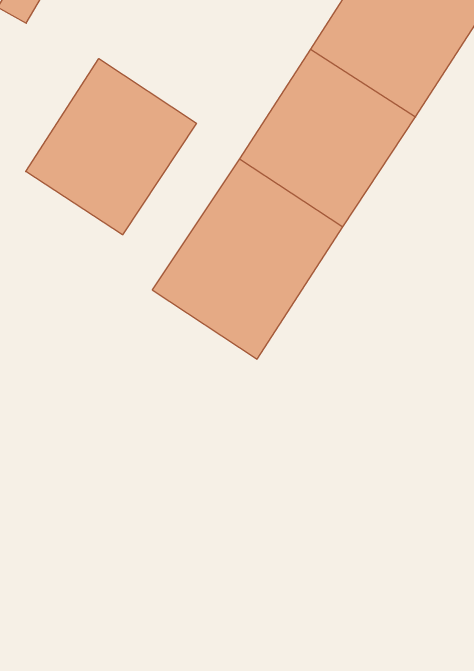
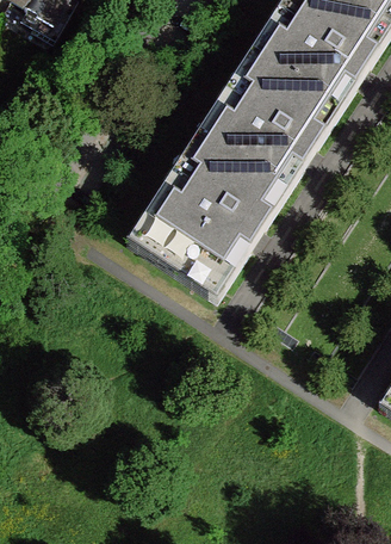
building: [26,59,196,235] -> none

